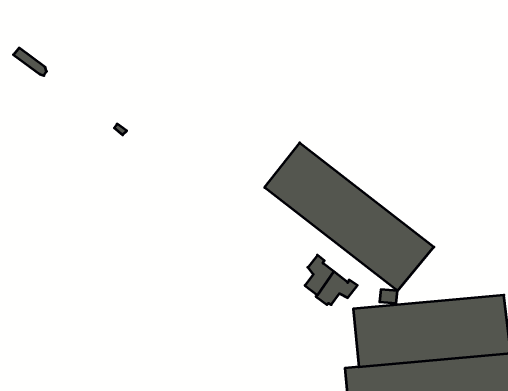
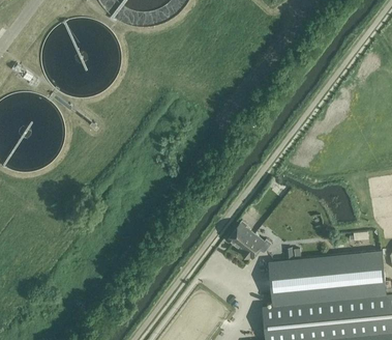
building: [265,143,434,291] -> none

